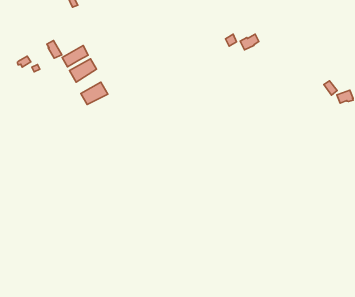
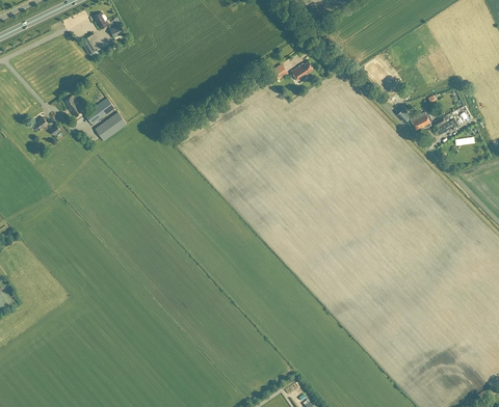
building: [81,82,108,104] -> none

